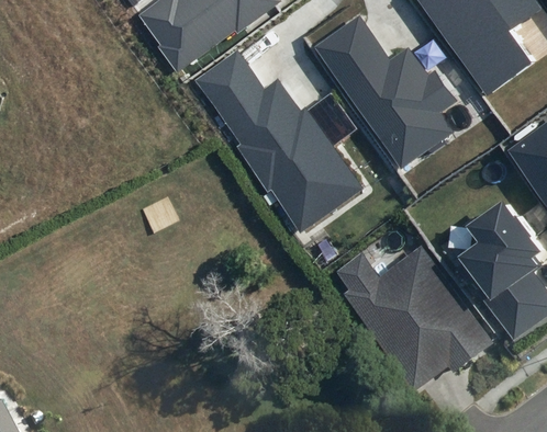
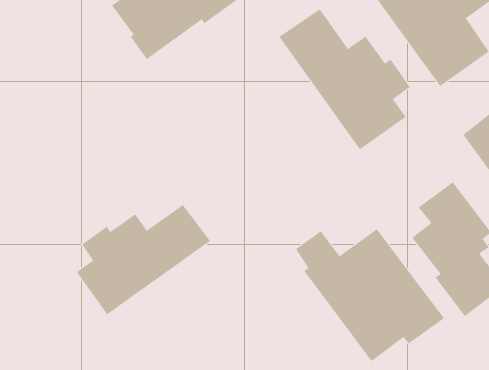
building: [194,50,362,230] -> none
building: none -> [76,204,211,315]

